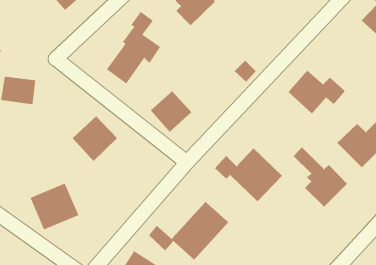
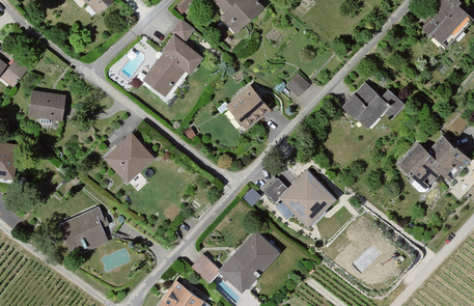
building: [150,91,192,133] -> [225,84,272,131]
building: [293,146,348,207] -> none

